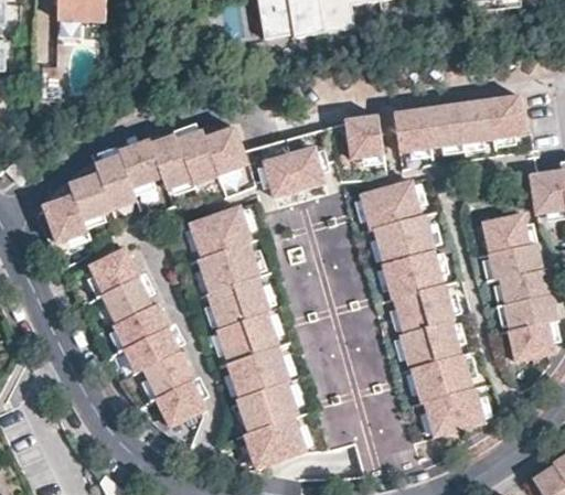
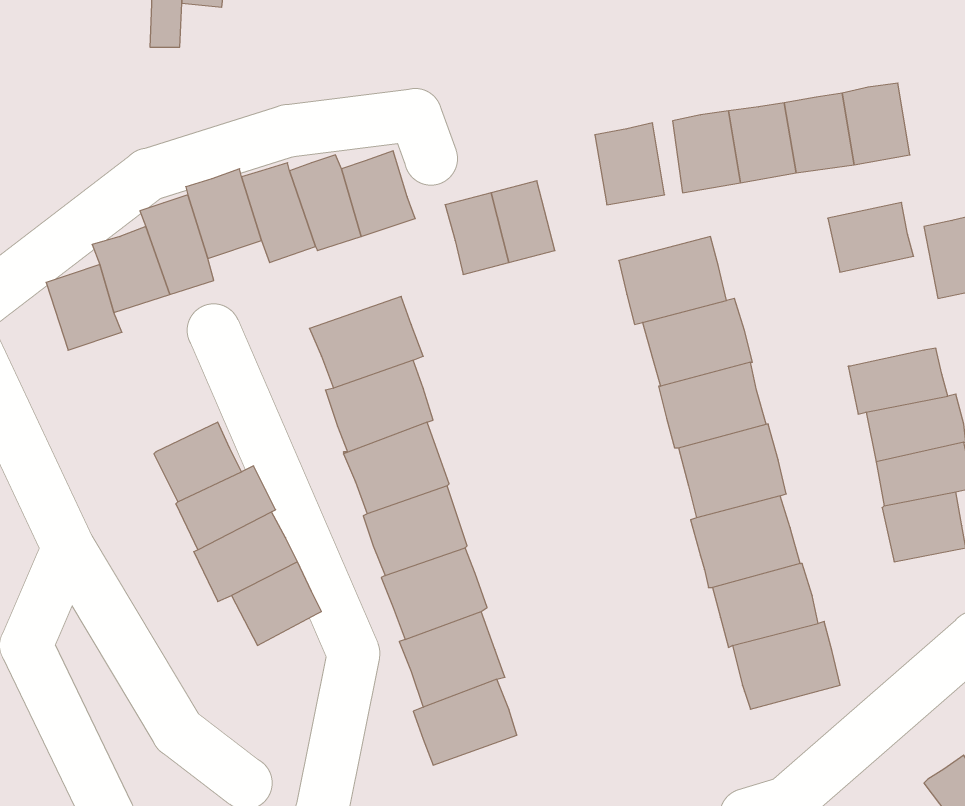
building: [481,211,529,249] -> [828,202,914,272]
building: [88,250,138,297] -> none
building: [158,386,206,430] -> none

